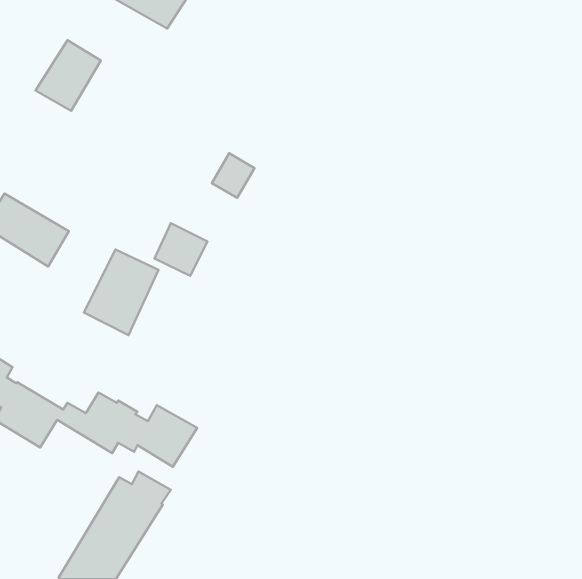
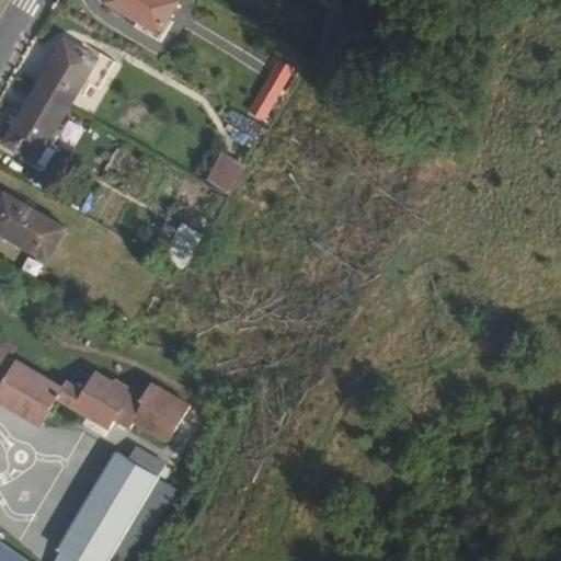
building: none -> [244,53,294,117]
building: none -> [5,87,68,156]
building: [84,249,158,335] -> none

